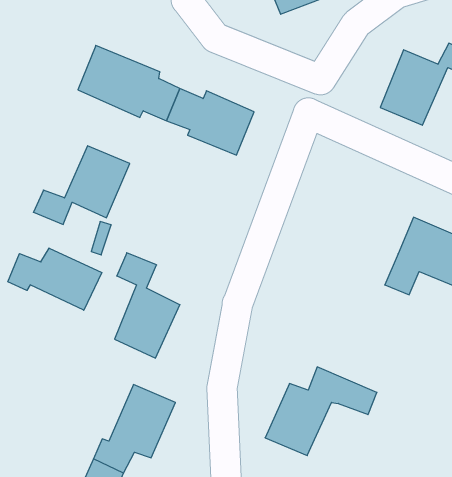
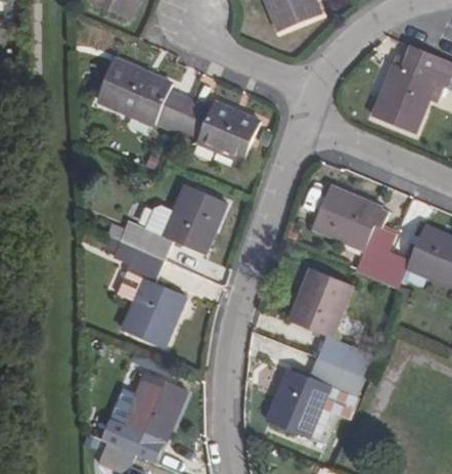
building: [33,146,130,224] -> [138,188,227,261]
building: none -> [315,187,403,279]
building: [8,248,102,310] -> none
building: none -> [289,271,377,379]

